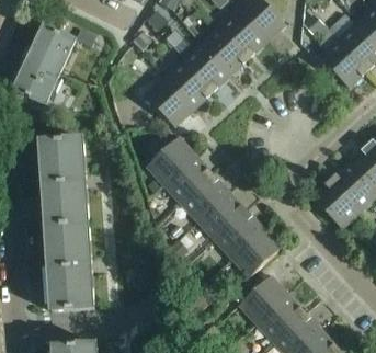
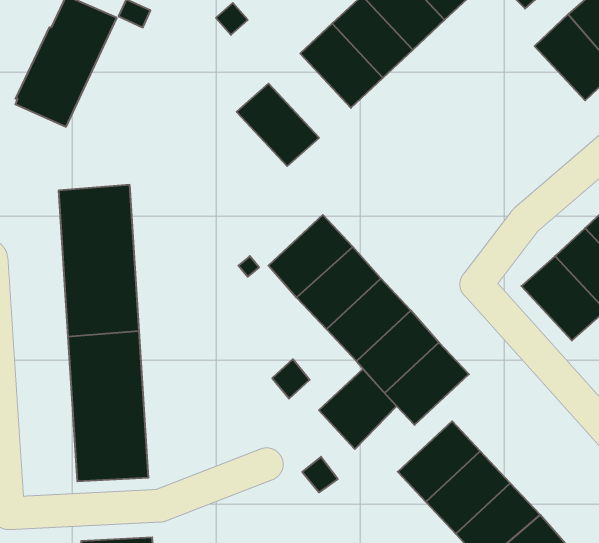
building: [163,60,212,110] -> none
building: [146,136,195,184] -> none
building: none -> [319,369,397,449]

